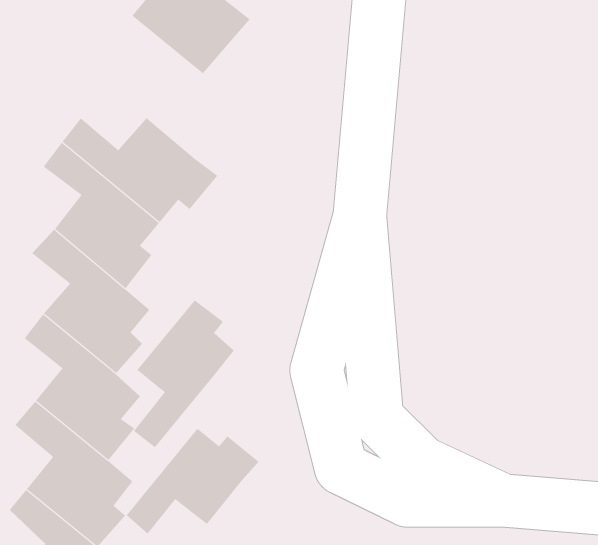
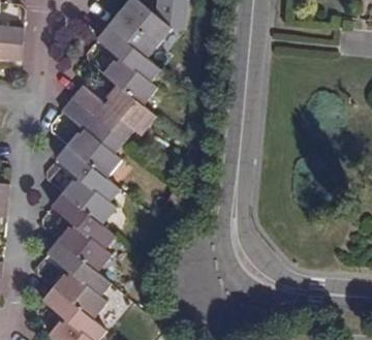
building: none -> [97,28,162,106]
building: [133,299,235,448] -> none
building: [126,428,260,535] -> none

